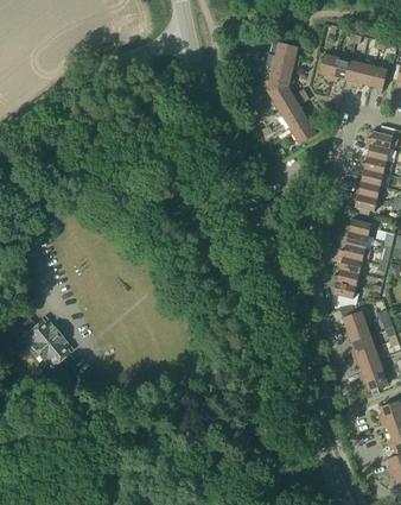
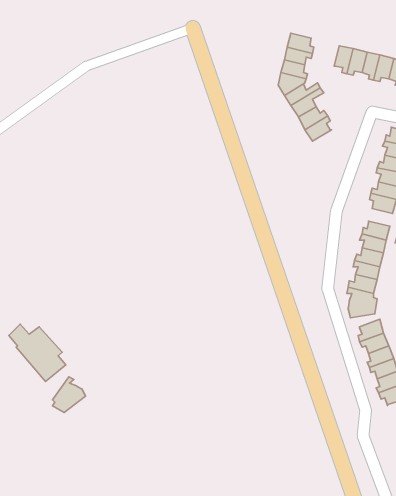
building: none -> [53,377,85,413]

